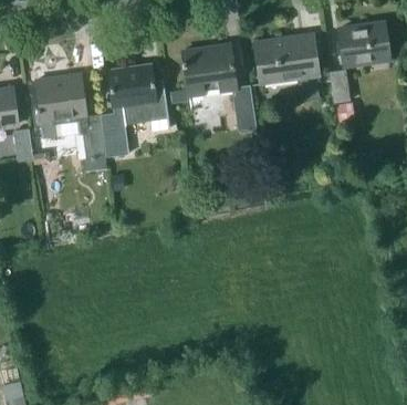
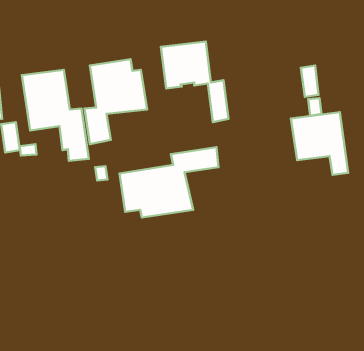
building: [338,23,388,65] -> none
building: [257,33,317,100] -> [291,112,348,175]
building: none -> [119,147,218,218]

